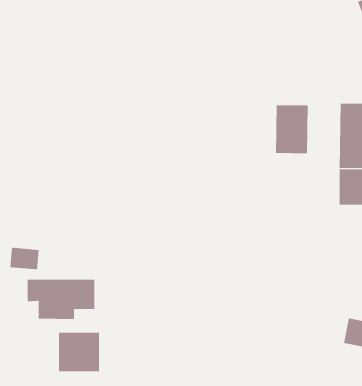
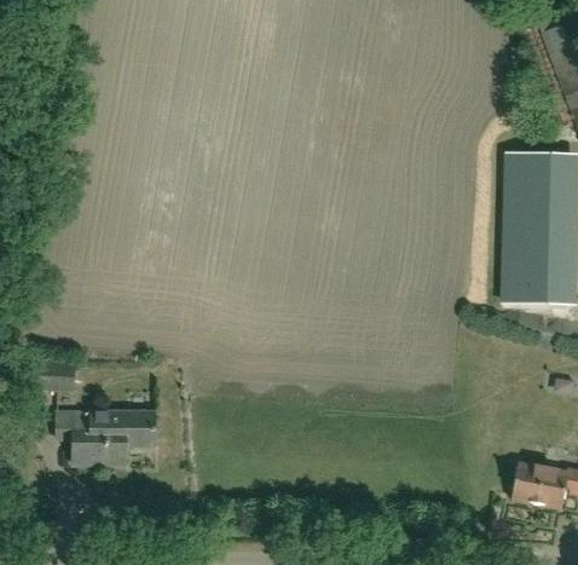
building: [275,104,308,154] -> none
building: [58,332,99,372] -> none

